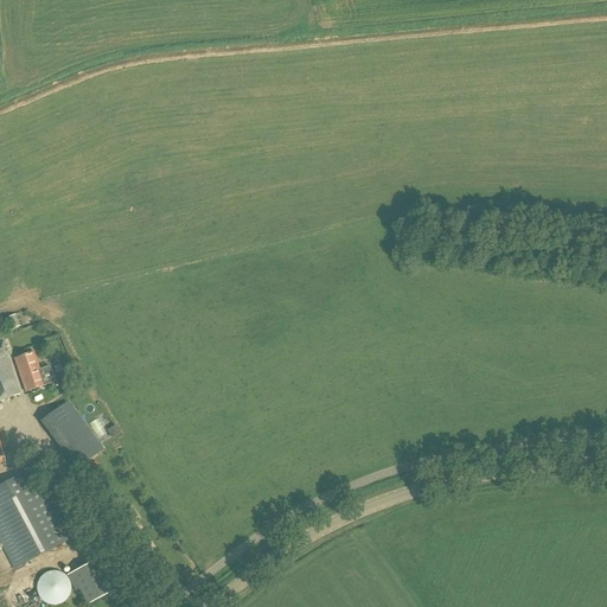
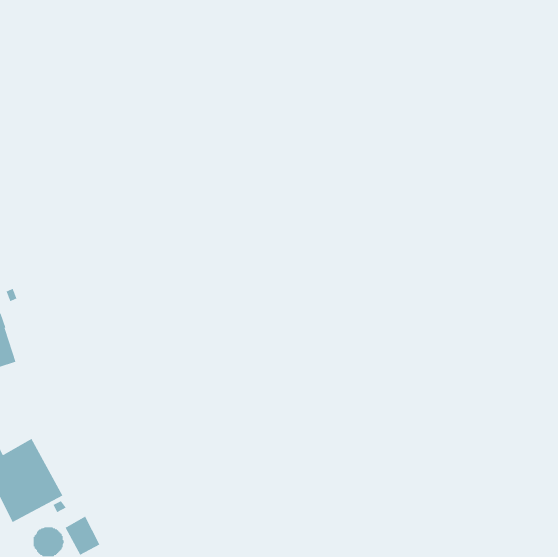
building: [13,350,52,390] -> none
building: [38,398,103,468] -> none

